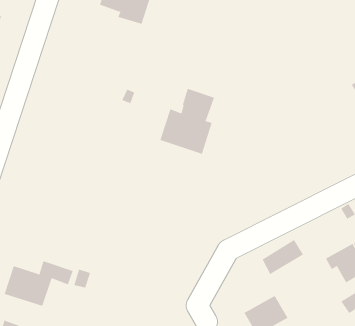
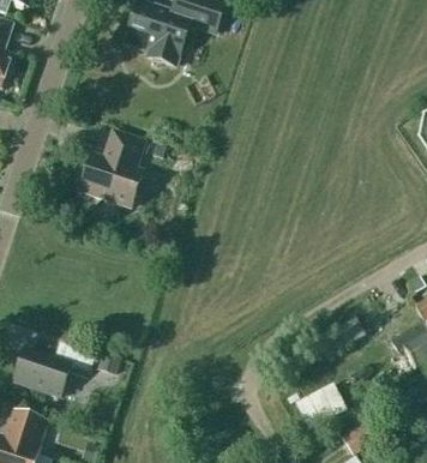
building: [159,88,215,155] -> [79,128,144,206]

